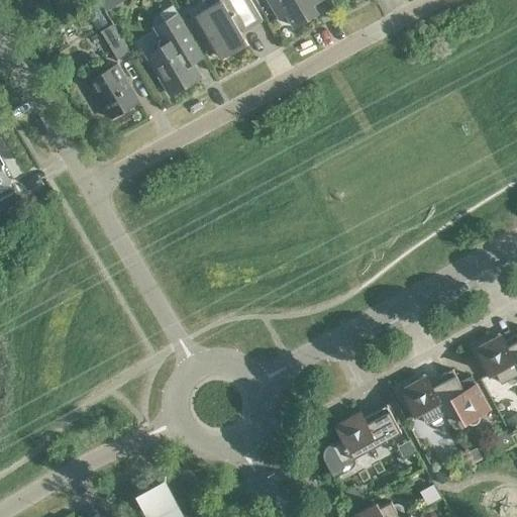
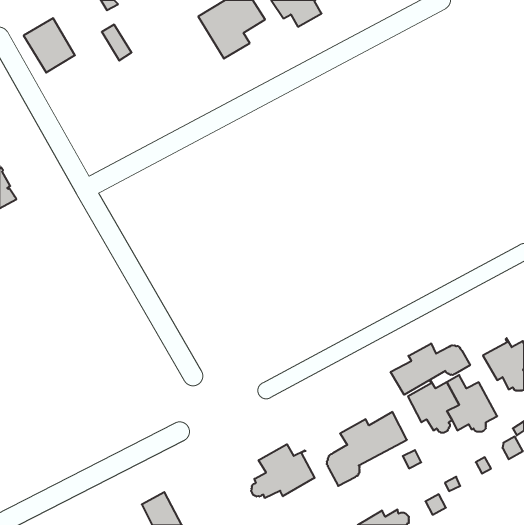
building: [146,13,199,94] -> none
building: [87,65,137,118] -> [24,18,75,73]
building: none -> [391,343,470,395]
building: none -> [251,444,315,498]

